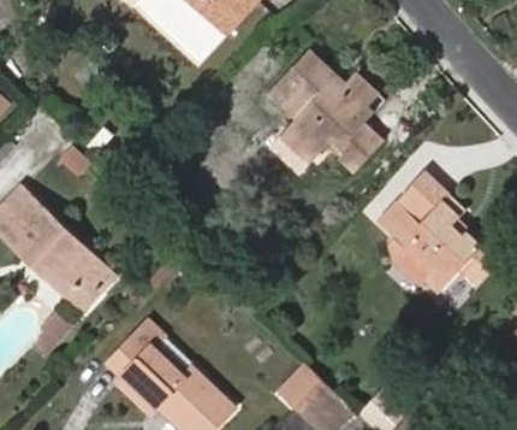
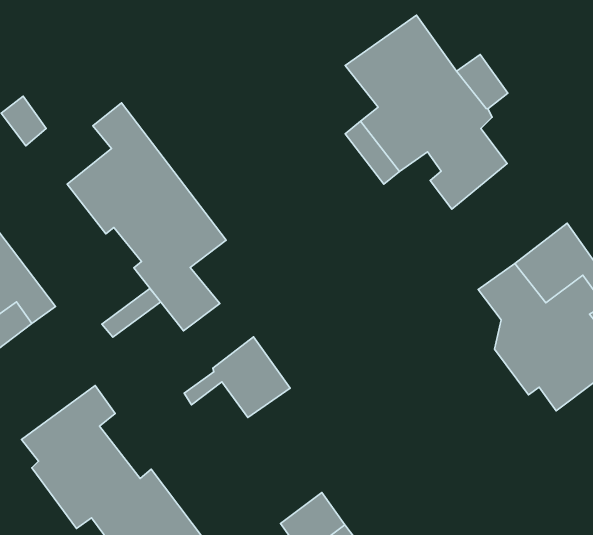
building: none -> [67,103,226,331]
building: none -> [184,337,290,418]

